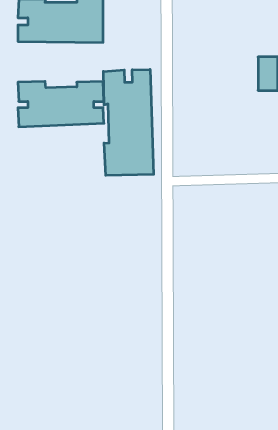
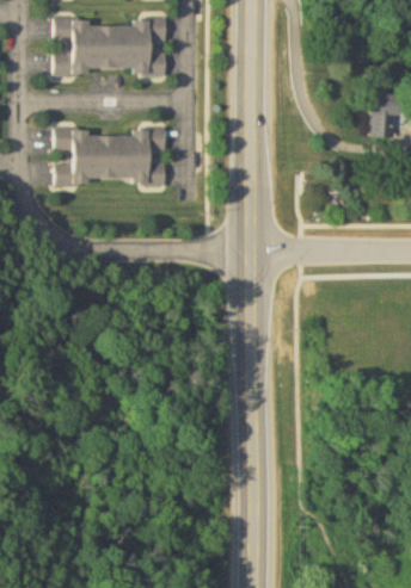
building: [103,69,154,175] -> none

